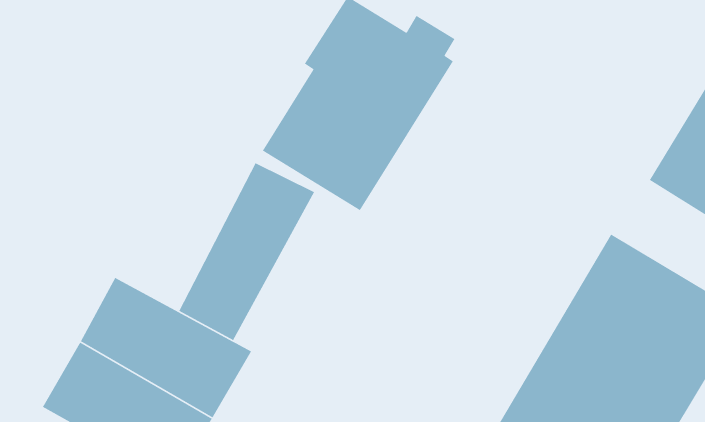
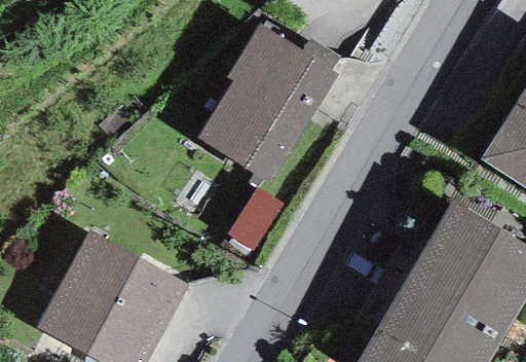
building: [178,162,315,341] -> none

